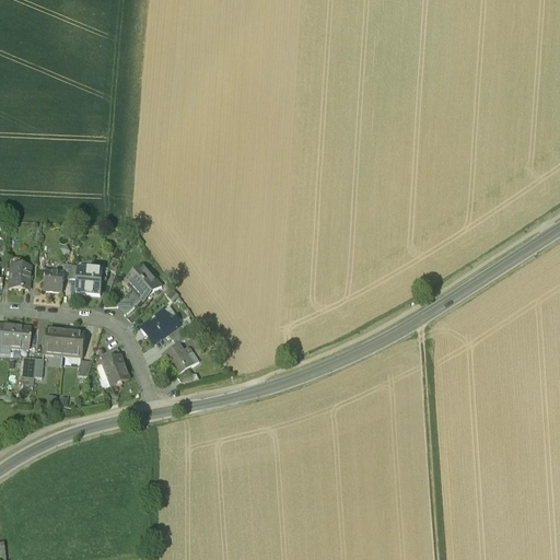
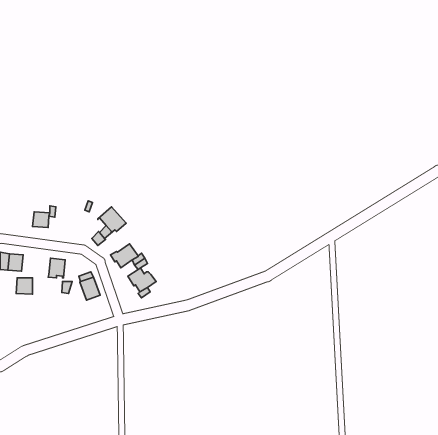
building: [8,264,30,289] -> none
building: [75,267,102,293] -> none
building: [43,327,65,351] -> none

